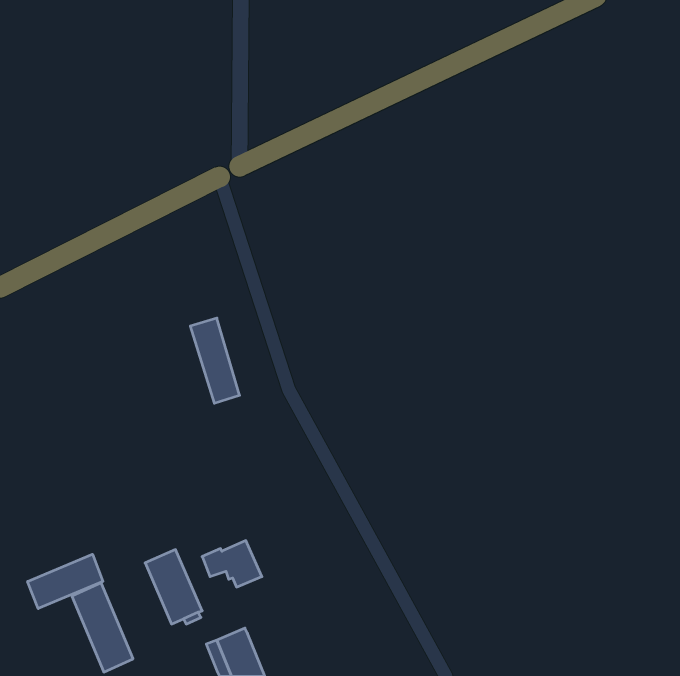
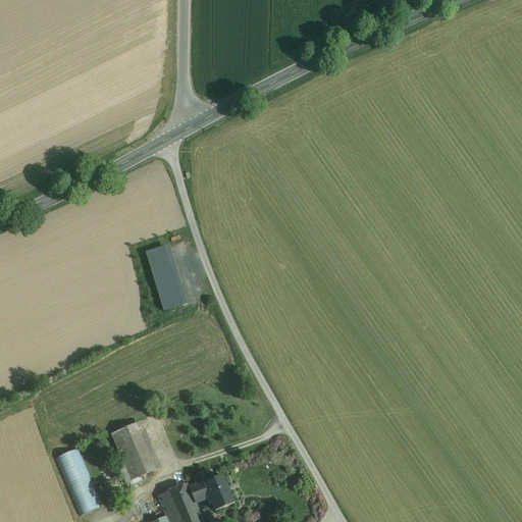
building: [202,541,262,587] -> [190,473,236,509]
building: [28,554,103,609] -> none

